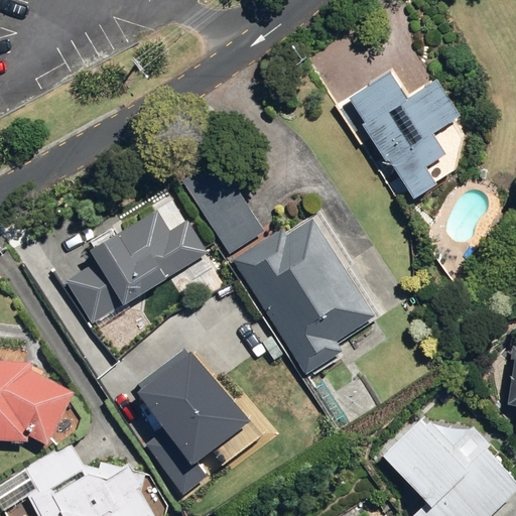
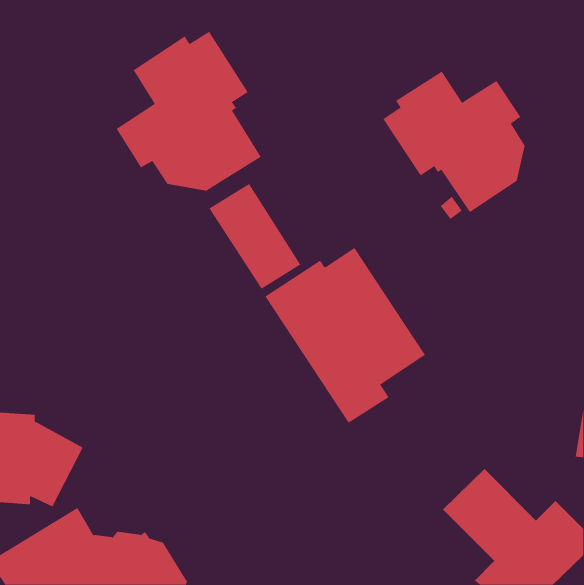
building: none -> [116,31,261,192]
building: [66,212,208,325] -> none
building: [136,348,250,496] -> none

